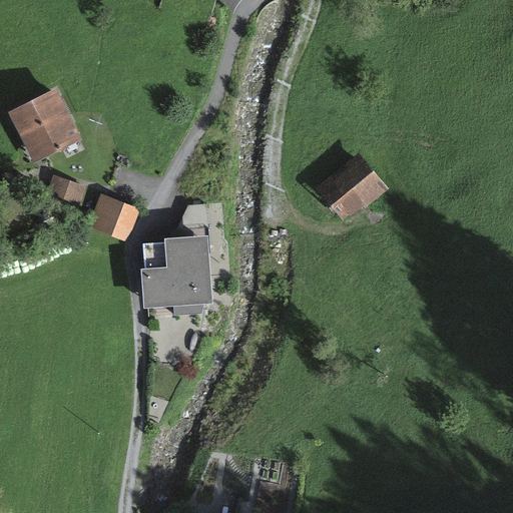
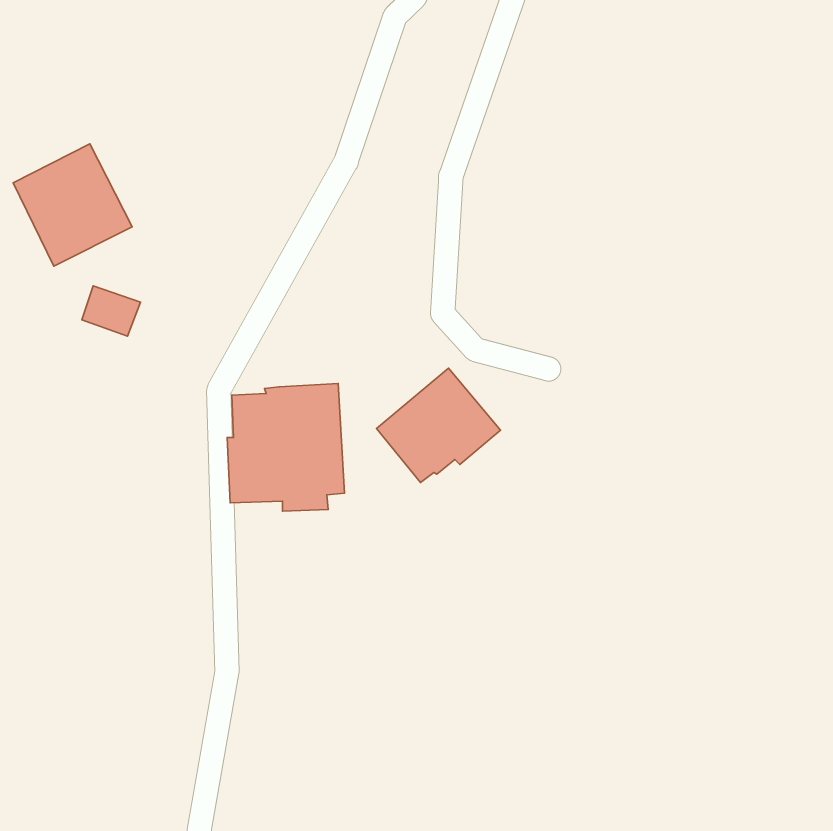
building: [314,149,390,219] -> [377,368,501,482]
building: [87,193,138,241] -> none

